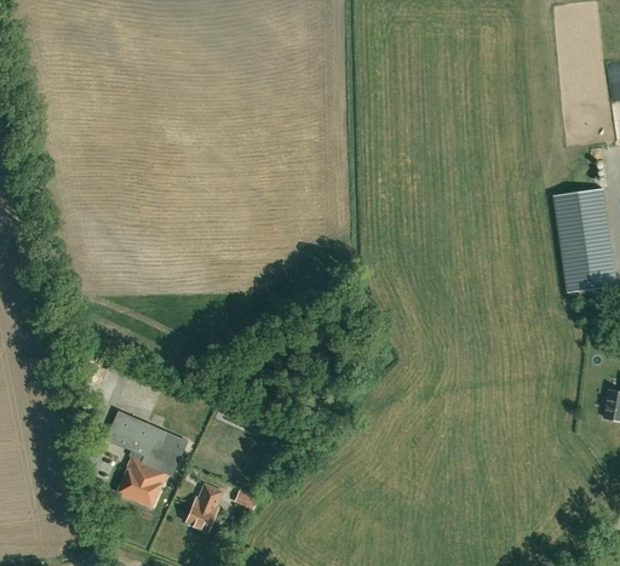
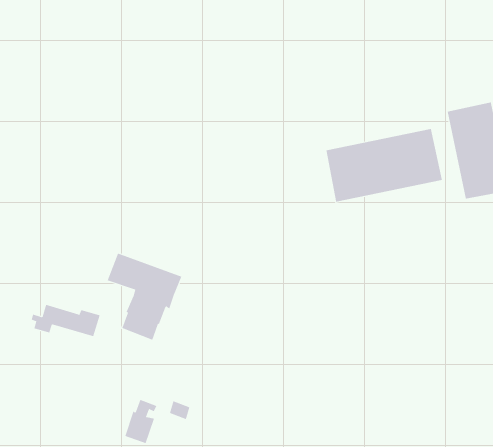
building: none -> [326,128,443,202]
building: [105,411,186,508] -> [107,253,182,341]

